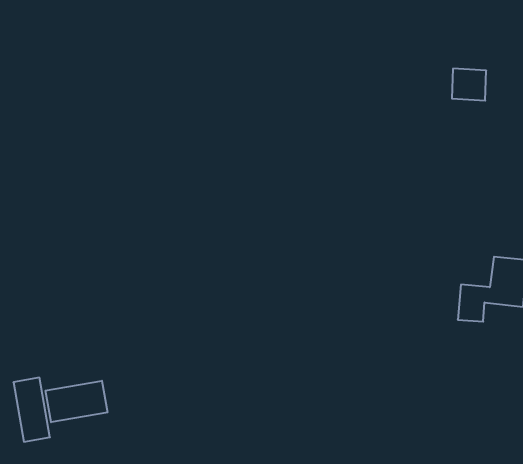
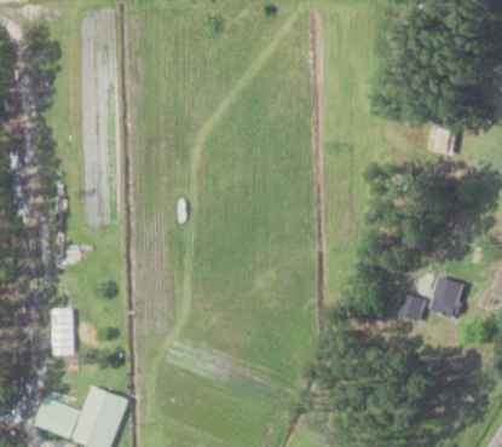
building: [46,381,107,422] -> none

